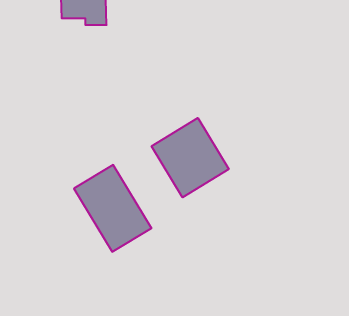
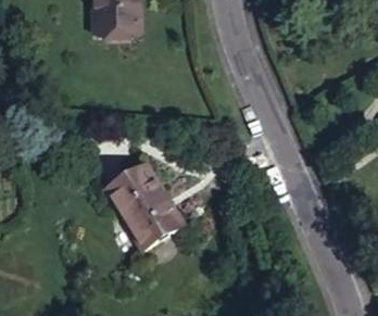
building: [152,118,229,197] -> none

